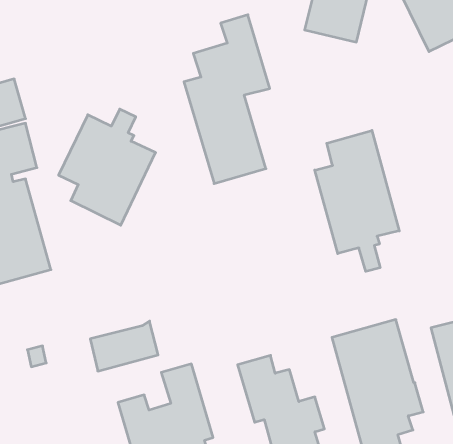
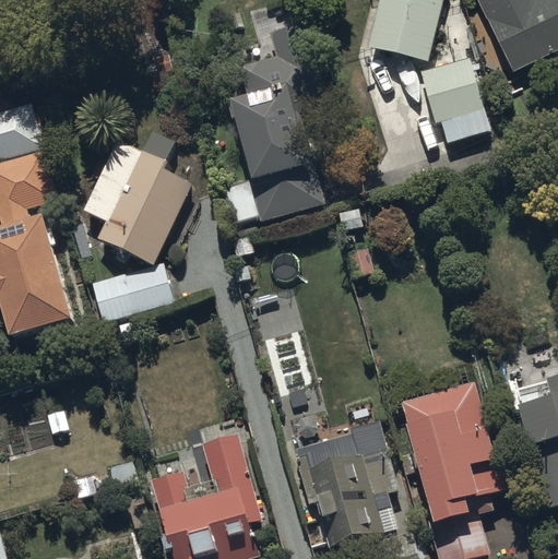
building: none -> [422,57,490,142]
building: [315,130,399,271] -> none
building: [90,321,158,371] -> [95,265,174,323]

